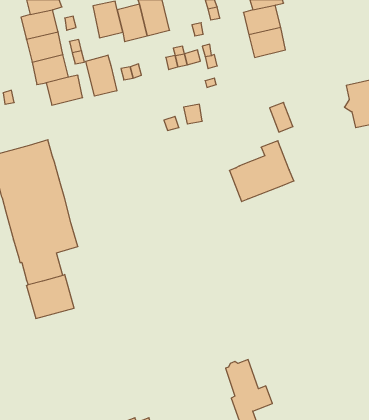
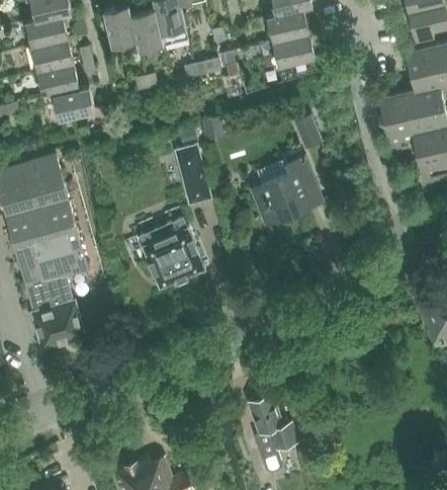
building: [86,55,117,96] -> none
building: none -> [175,145,211,202]
building: none -> [143,226,205,287]

